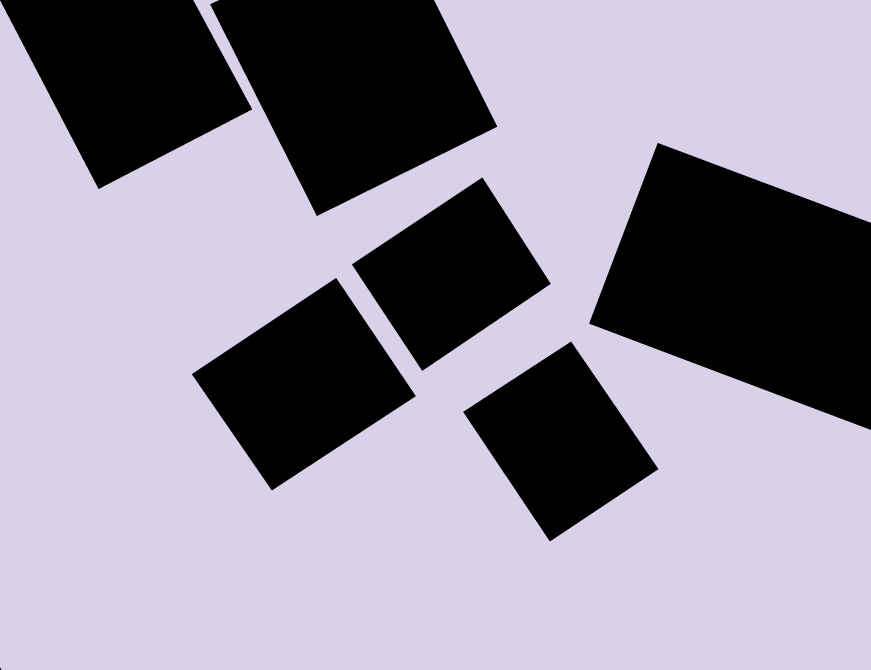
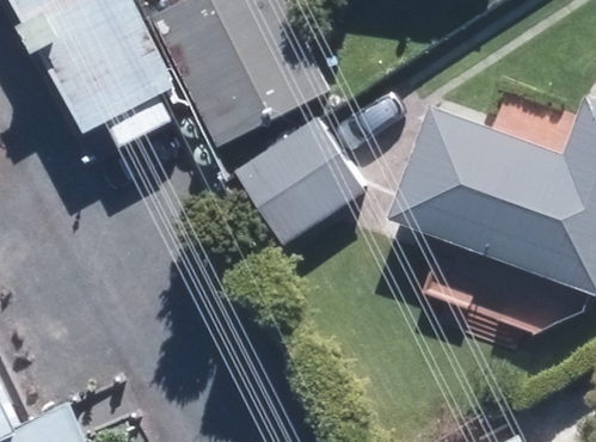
building: [191,277,417,491] -> none
building: [462,340,659,542] -> none

